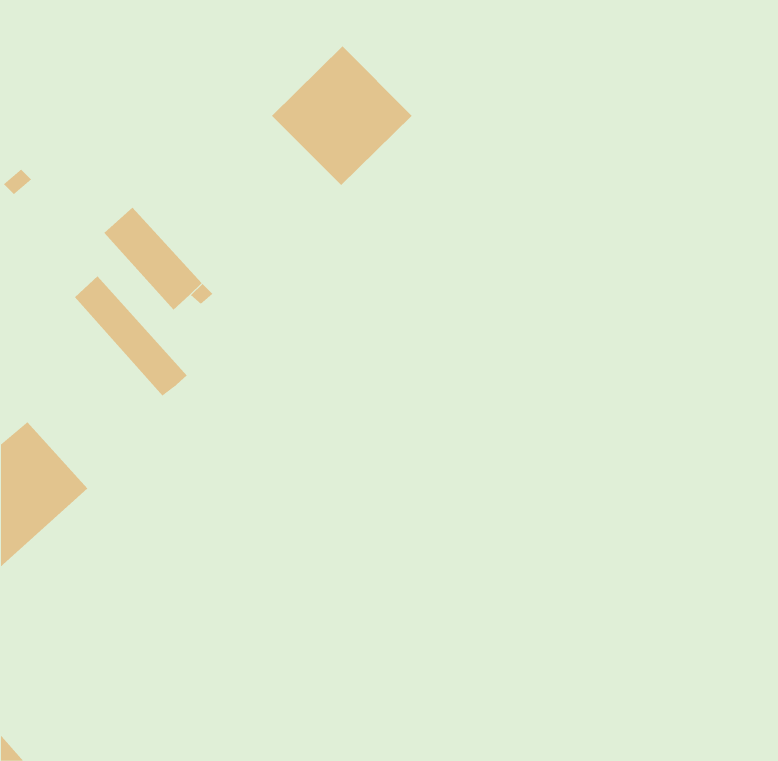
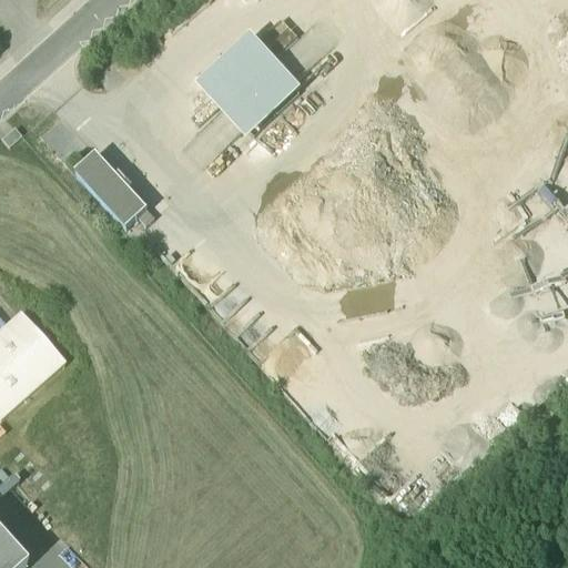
building: [74,276,188,396] -> none

